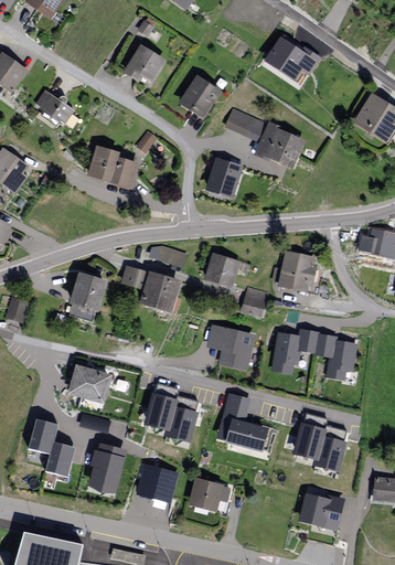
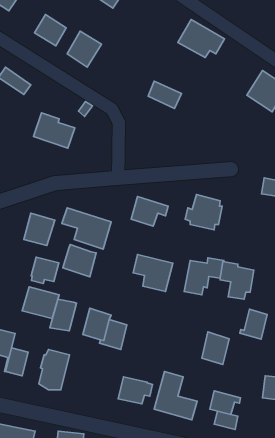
building: none -> [34,14,66,46]
building: [179,74,222,118] -> none
building: [254,121,307,169] -> none
building: [205,156,244,199] -> none
building: [148,244,188,267] -> none
building: [239,284,268,318] -> none
building: none -> [63,244,96,277]
building: none -> [31,257,59,283]
building: none -> [50,299,77,331]
building: [215,391,269,451] -> [154,371,197,420]
building: [313,435,348,472] -> [240,309,267,339]
building: [137,462,179,503] -> none

